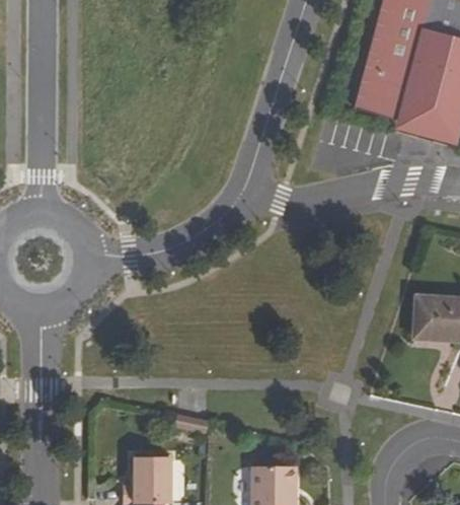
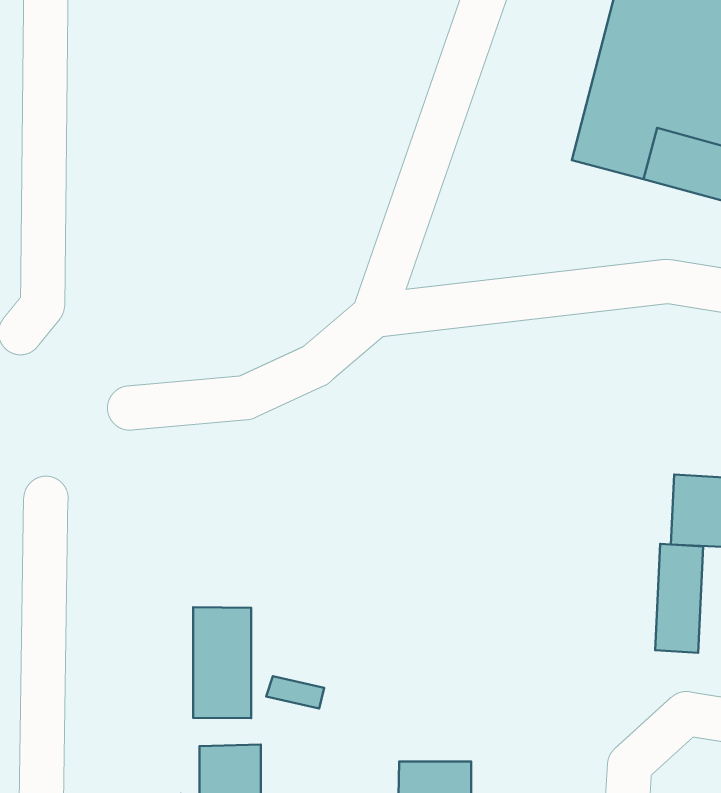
building: none -> [655,544,703,653]
building: none -> [193,607,251,718]

